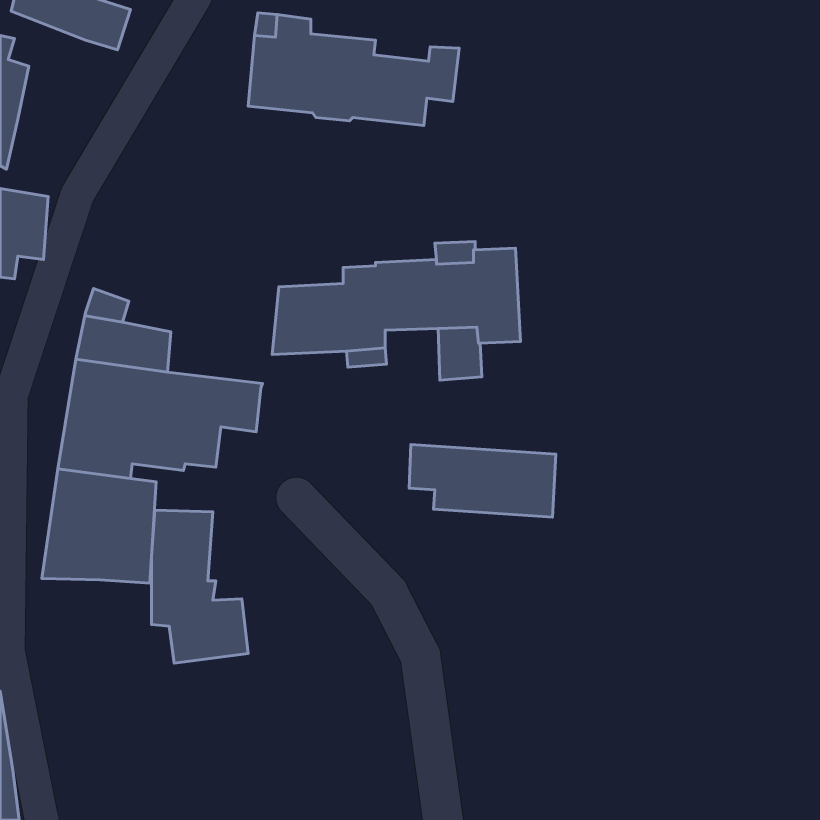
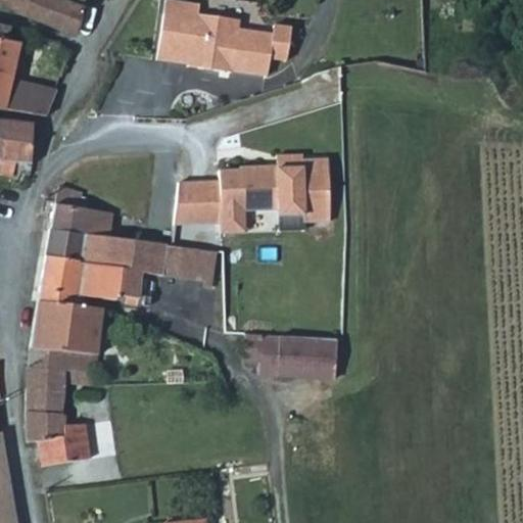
building: none -> [6,76,58,115]
building: none -> [164,246,216,280]
building: [409,445,556,517] -> [245,332,338,378]
building: [151,510,248,663] -> [27,367,88,464]

